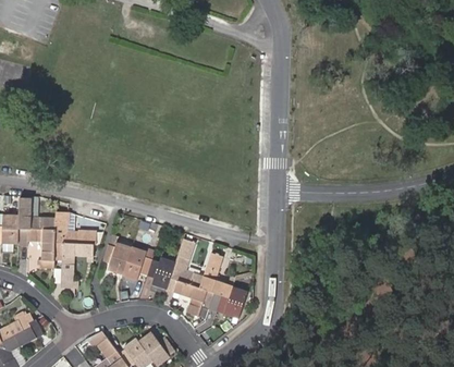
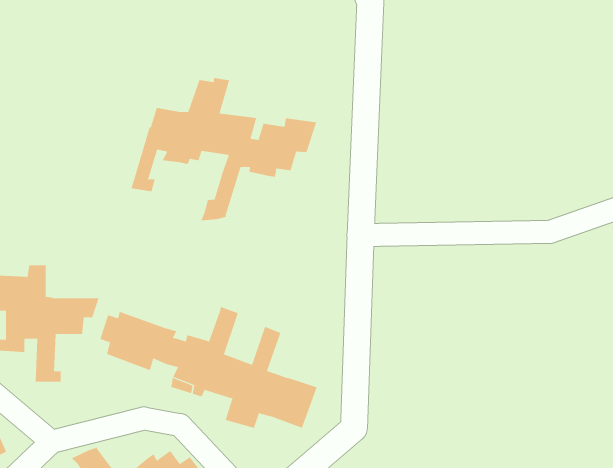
building: none -> [131,77,317,221]

